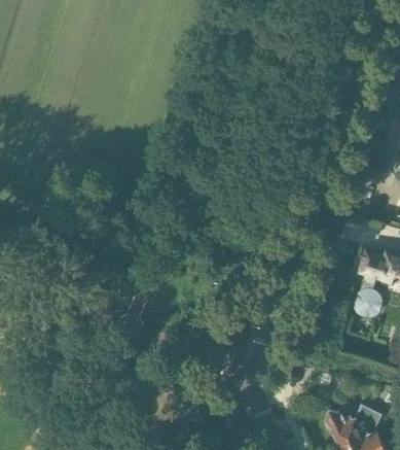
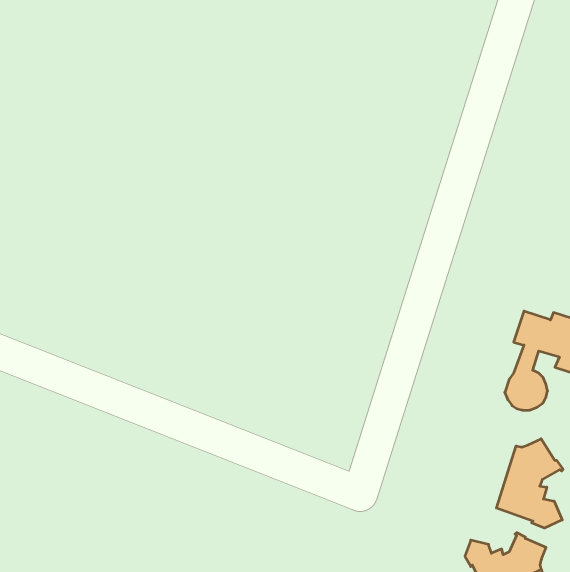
building: none -> [496,439,563,528]

